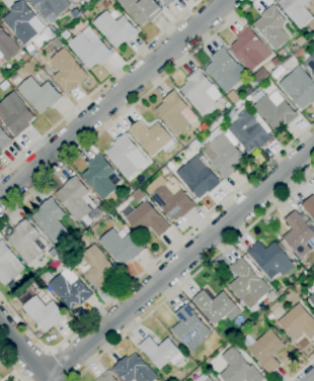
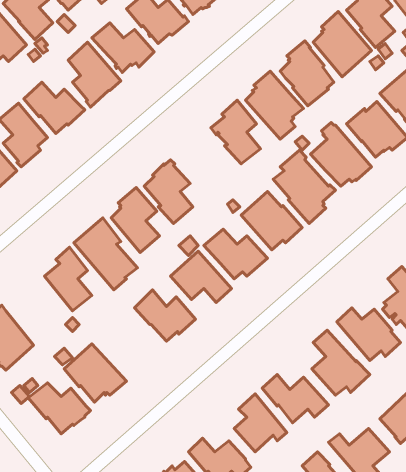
building: [129,120,176,158] -> none
building: [7,219,49,265] -> none
building: [74,245,120,292] -> none

